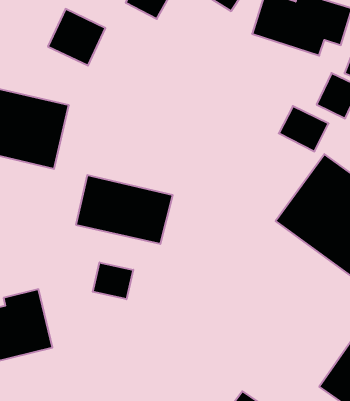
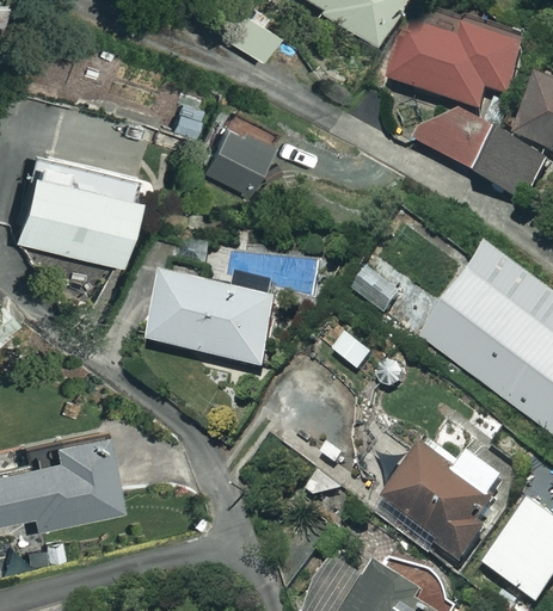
building: [48,9,105,66] -> [196,116,275,193]
building: [279,106,329,151] -> [423,107,491,169]
building: [93,262,133,299] -> none
building: none -> [381,443,504,560]

